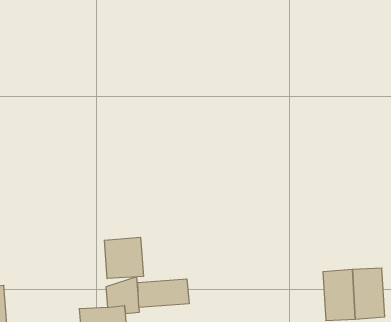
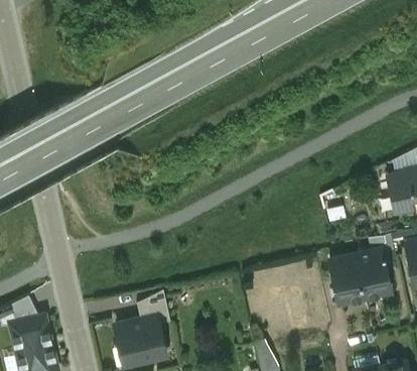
building: [104,237,143,279] -> none
building: [138,279,189,307] -> none

